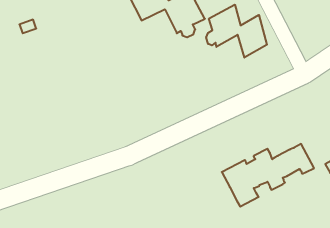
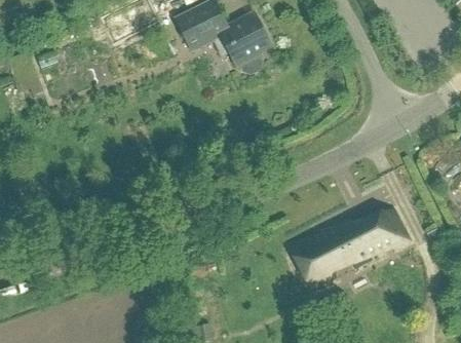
building: [206,5,267,58] -> none

